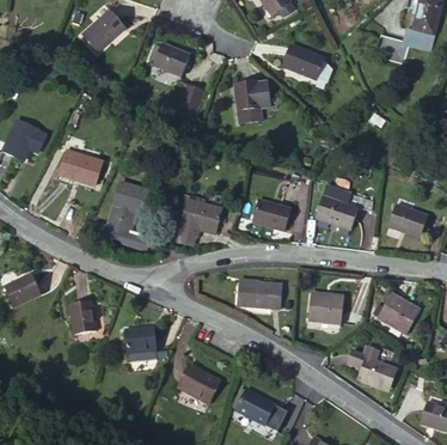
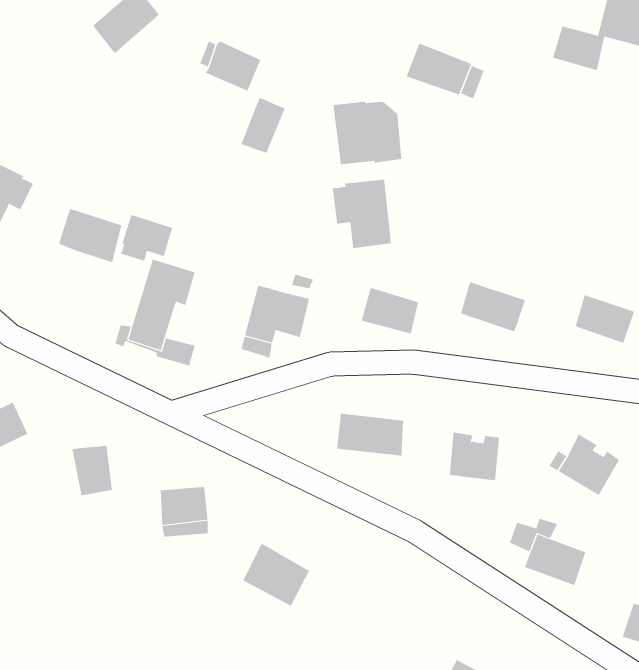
building: none -> [332,179,392,249]
building: none -> [121,214,173,261]
building: [235,389,276,425] -> none

